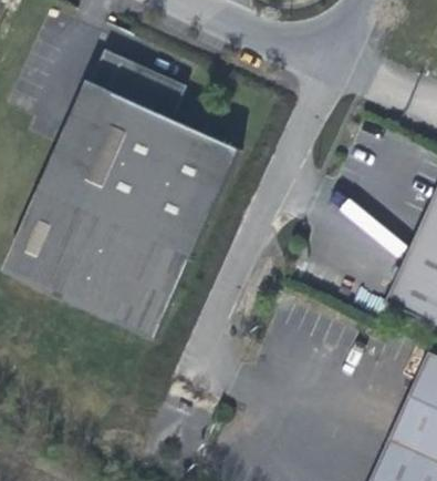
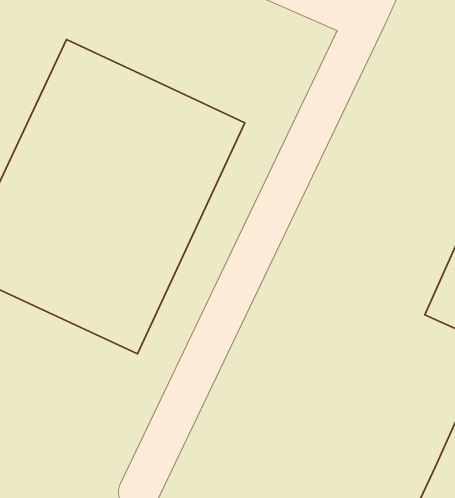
building: [91,51,185,116] -> none

